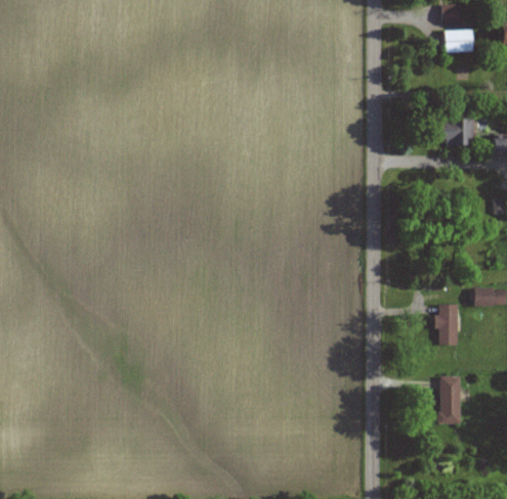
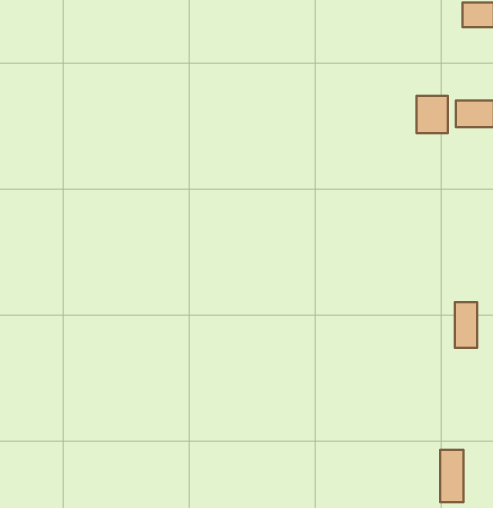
building: none -> [417,96,448,133]
building: [439,375,461,423] -> [440,450,464,502]

